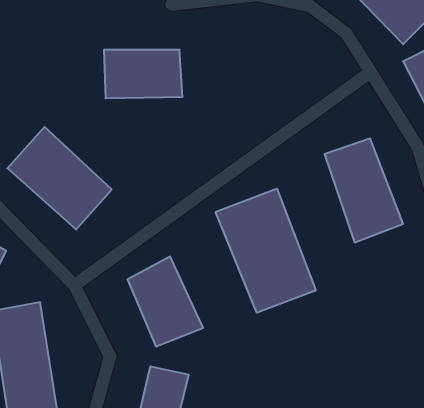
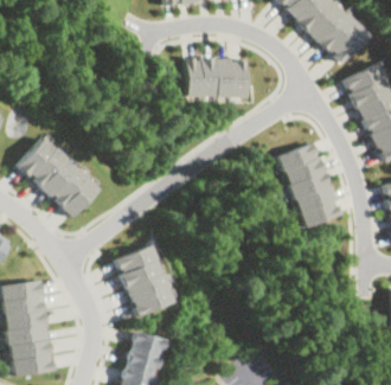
building: [104,50,183,98] -> [184,58,249,98]
building: [216,189,316,313] -> none

